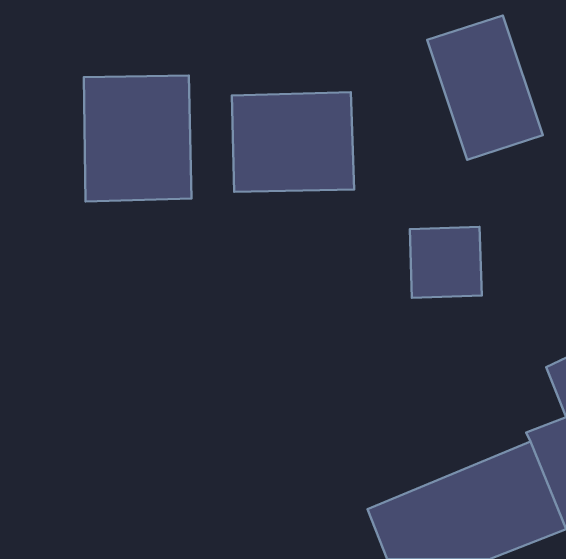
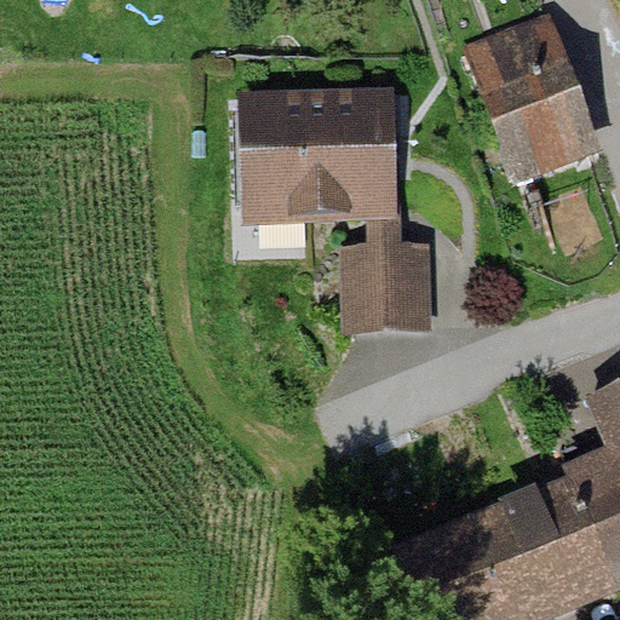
building: [84,75,192,201] -> none
building: [410,227,482,298] -> [349,247,427,325]

